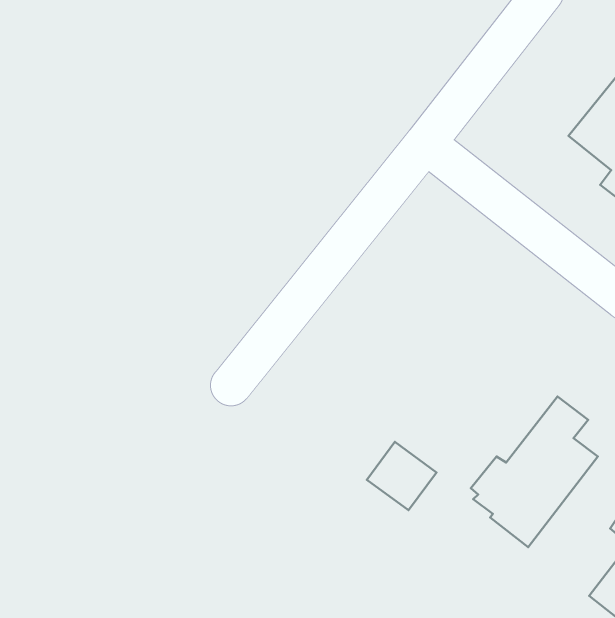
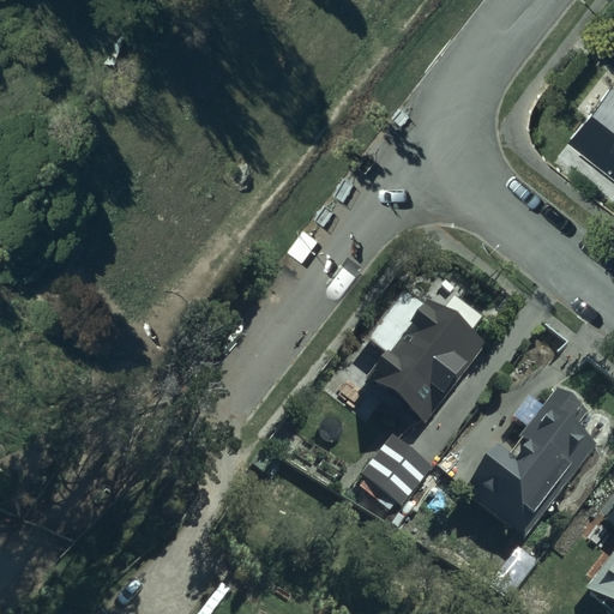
building: none -> [369,290,487,423]

